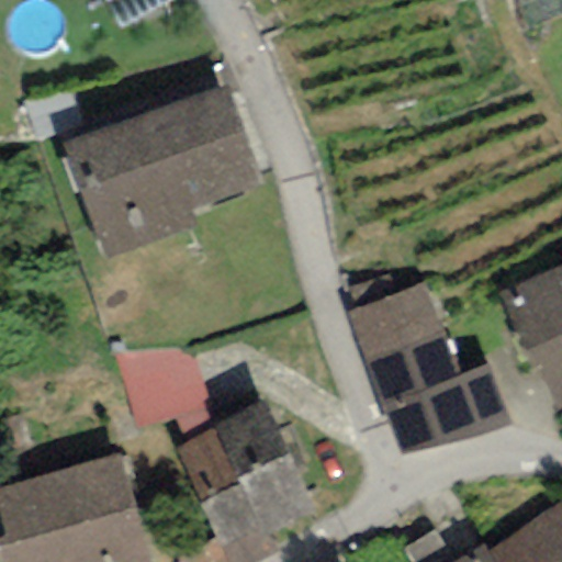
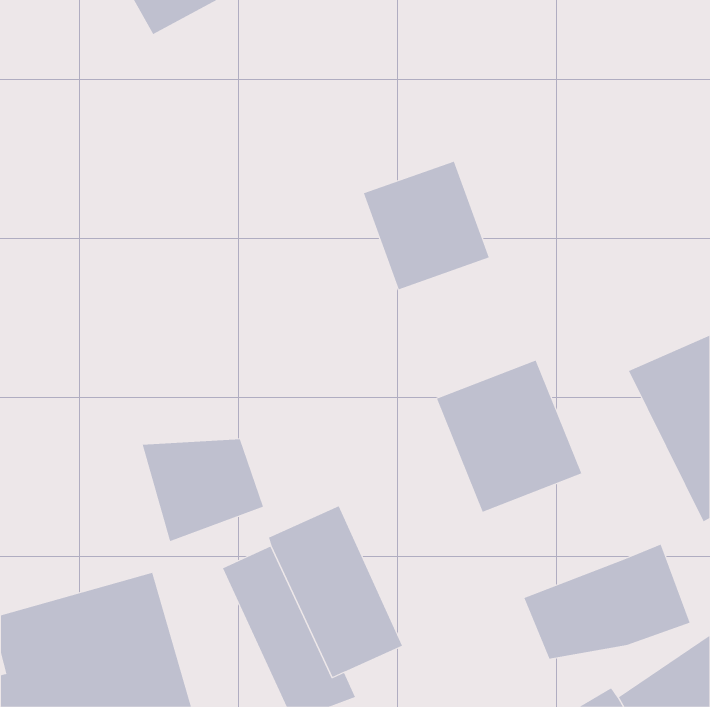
building: [64,83,265,258] -> none
building: none -> [363,161,490,290]
building: [381,362,513,453] -> [524,544,690,659]

